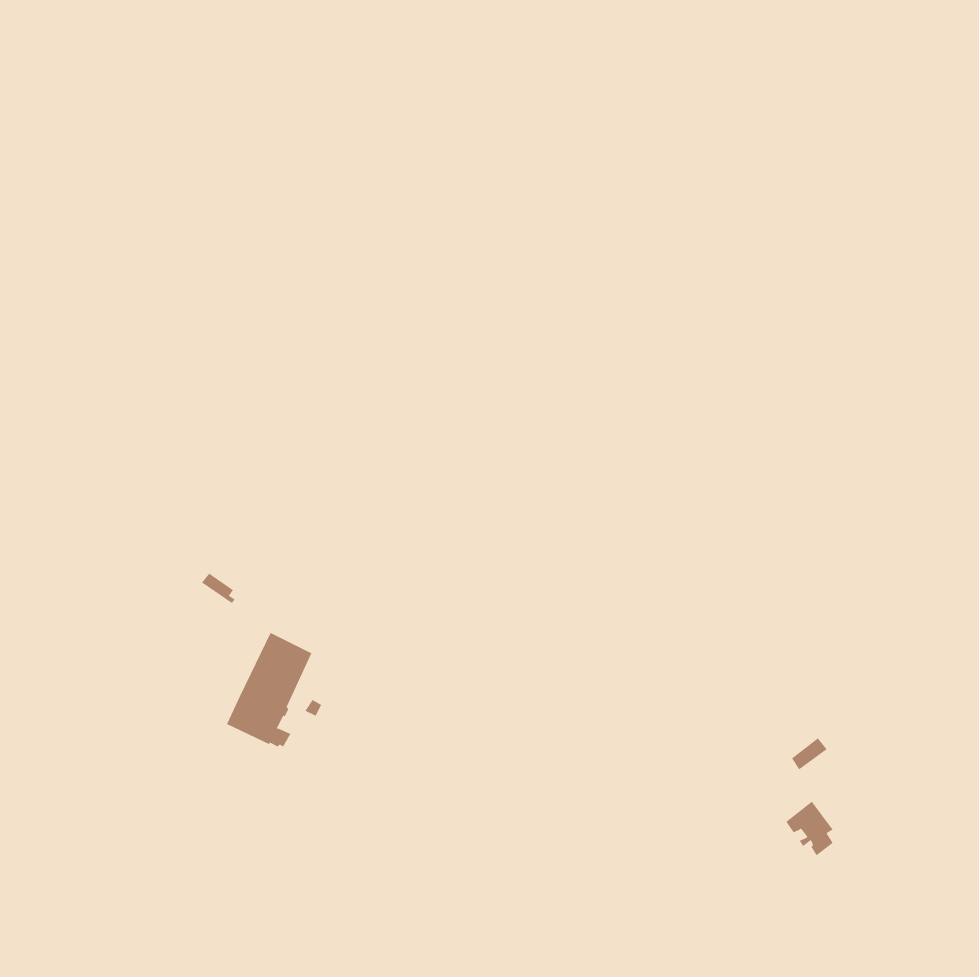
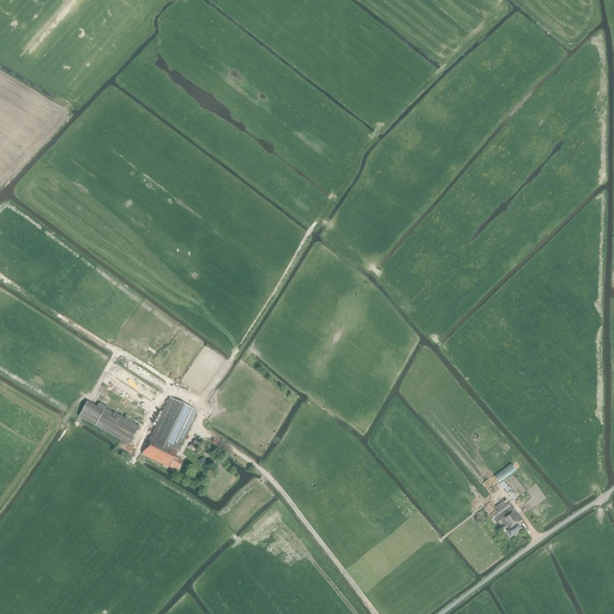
building: none -> [78,401,138,444]

